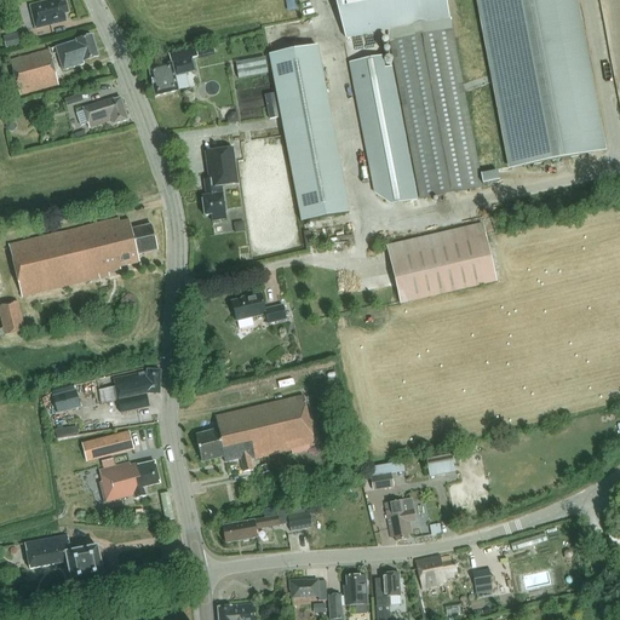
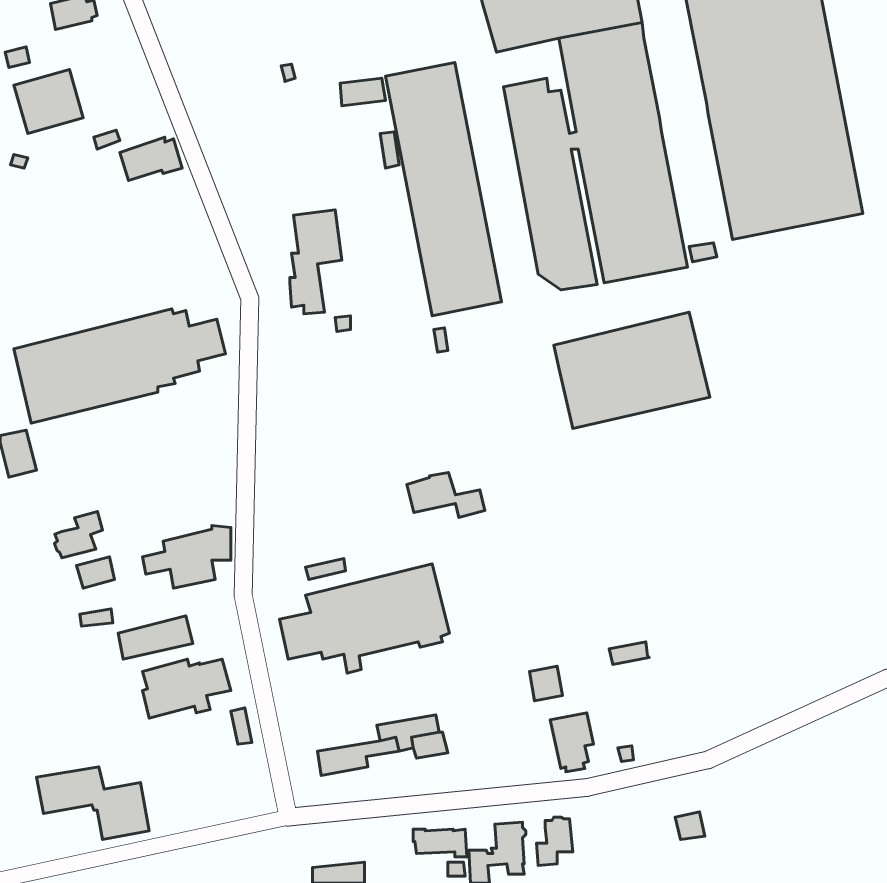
building: [57,34,99,69] -> none
building: [147,57,193,93] -> none
building: [230,291,285,322] -> [407,472,485,518]
building: none -> [54,511,103,558]
building: [414,555,455,586] -> none

